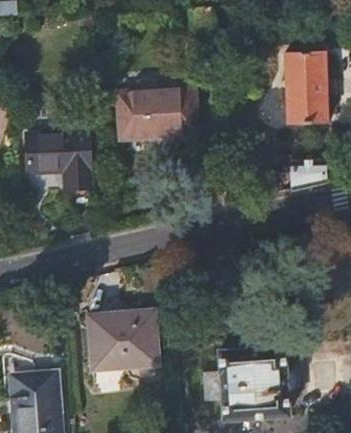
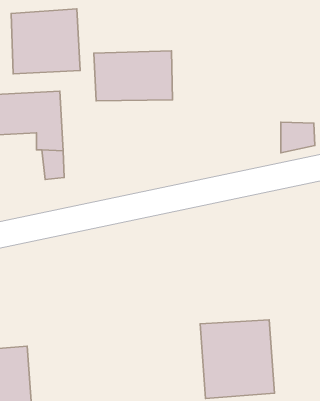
building: none -> [11,9,80,74]
building: [281,54,325,126] -> none
building: [88,309,157,368] -> none

